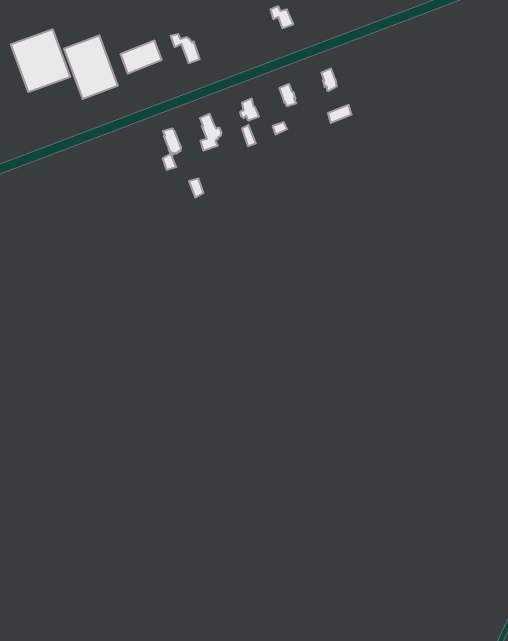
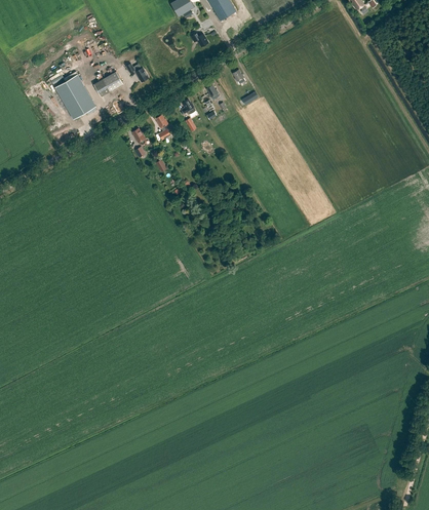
building: [11,29,70,92] -> none

